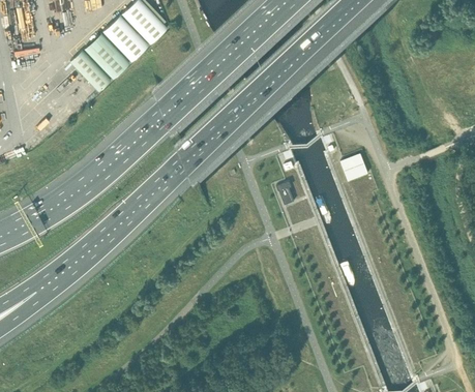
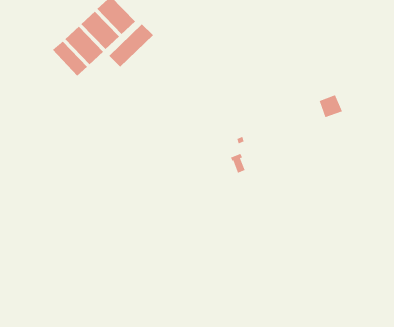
building: none -> [108,23,154,67]
building: [340,154,368,181] -> [319,95,343,118]

